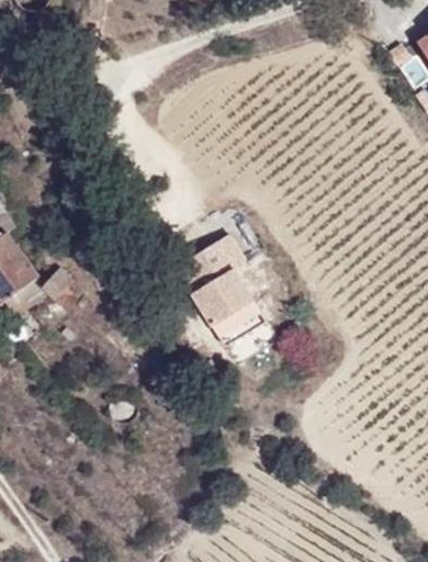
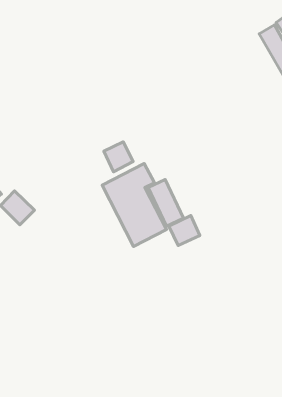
building: none -> [104,142,133,172]
building: none -> [169,215,200,245]

